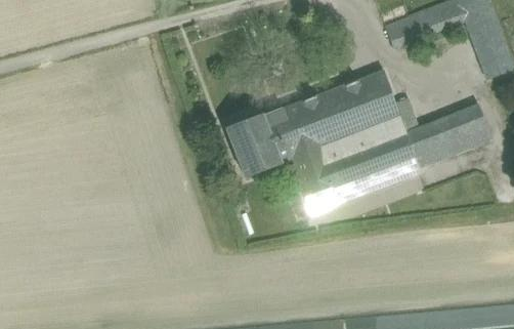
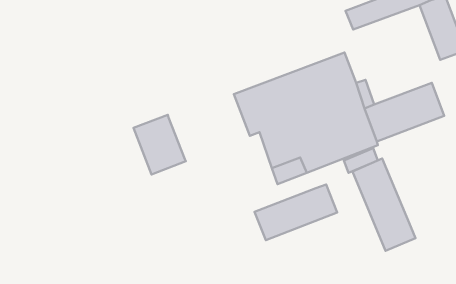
building: [226,113,283,177] -> [134,115,186,174]
building: none -> [352,159,415,251]
building: none -> [255,185,337,240]

